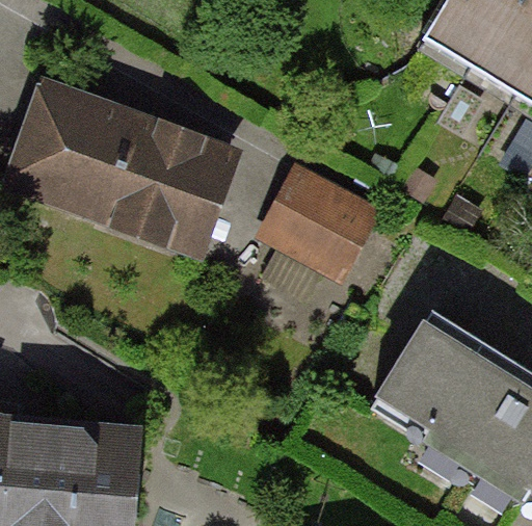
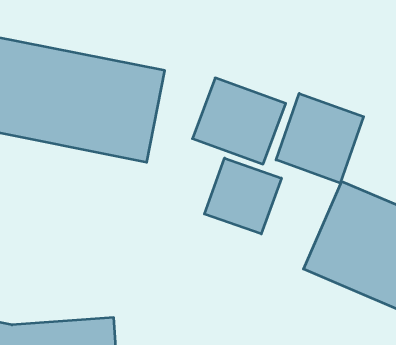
building: none -> [276,93,364,183]
building: none -> [204,158,281,234]

